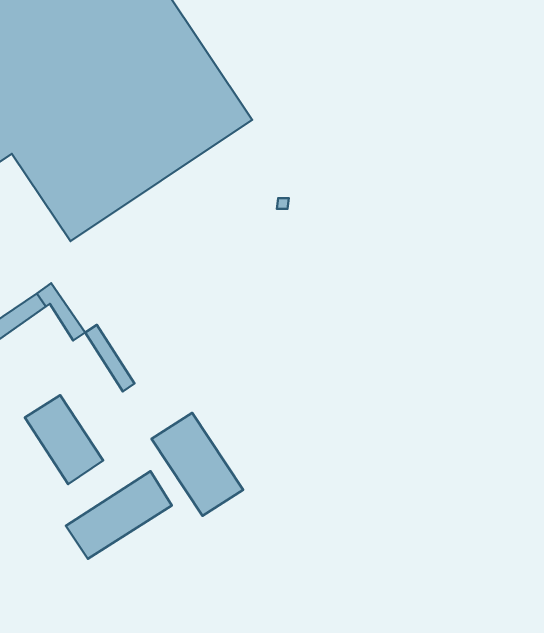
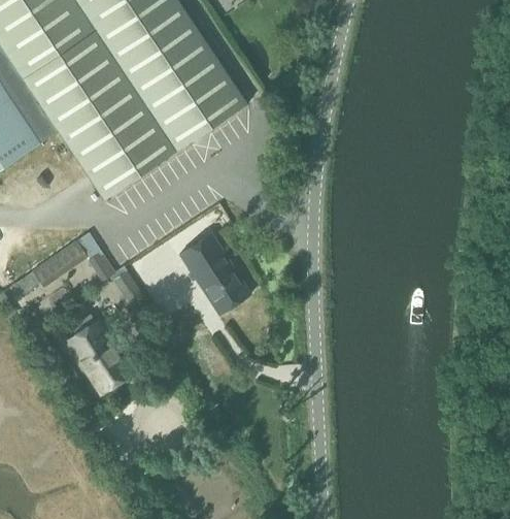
building: [152,413,243,516] -> [178,233,250,315]
building: [66,471,172,559] -> none

